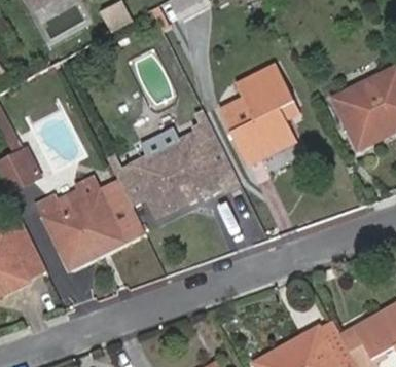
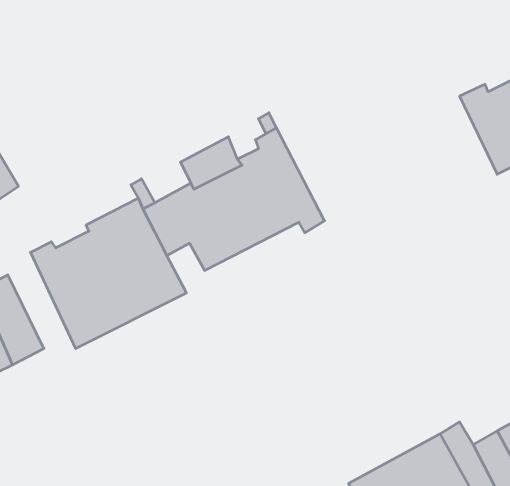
building: [218,66,294,166] -> none

